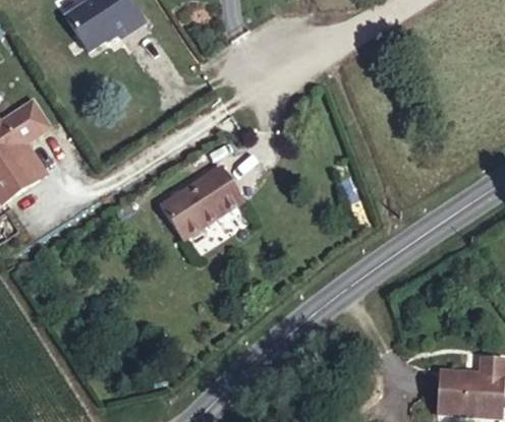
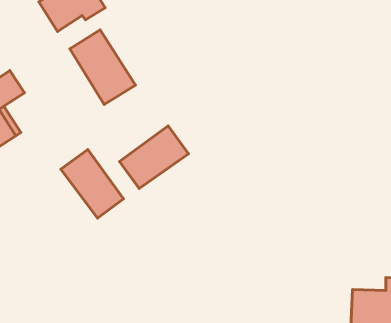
building: none -> [70,30,135,104]
building: none -> [61,150,124,218]

